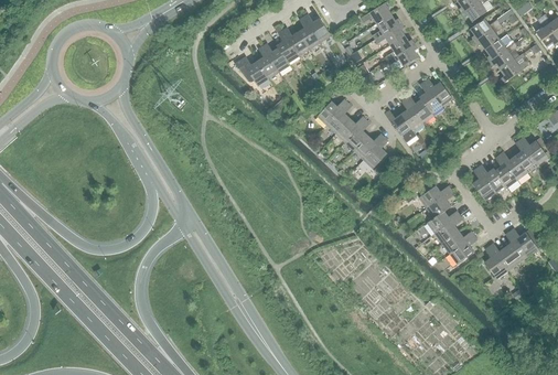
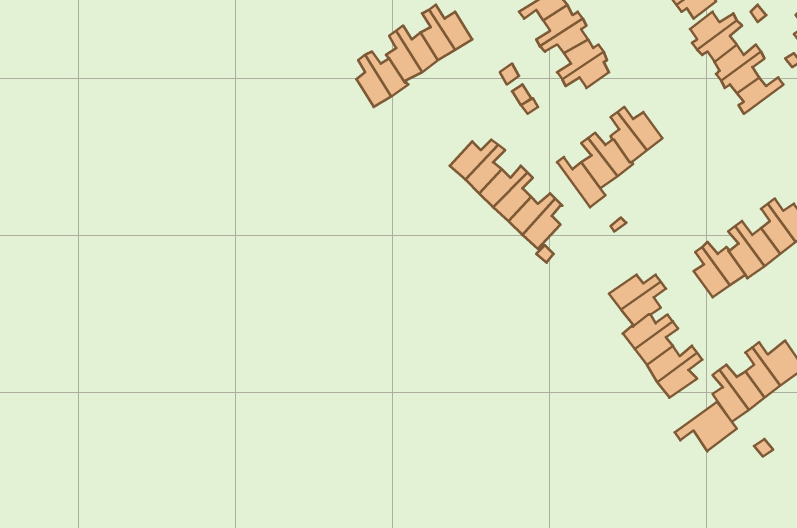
building: [234,56,268,85] -> none
building: none -> [675,402,737,451]

